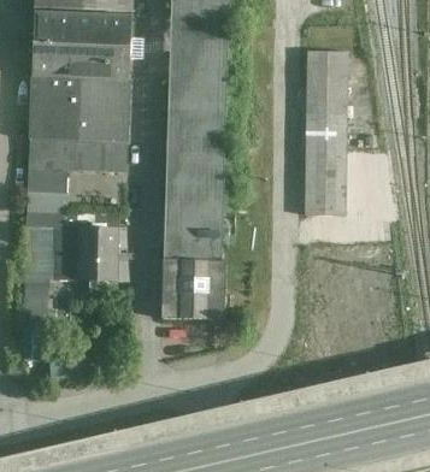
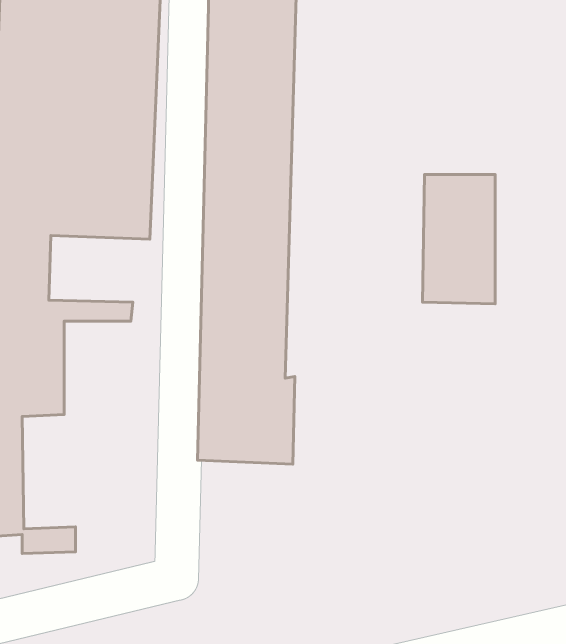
building: [304,51,349,132] -> none
building: [76,225,129,284] -> none

